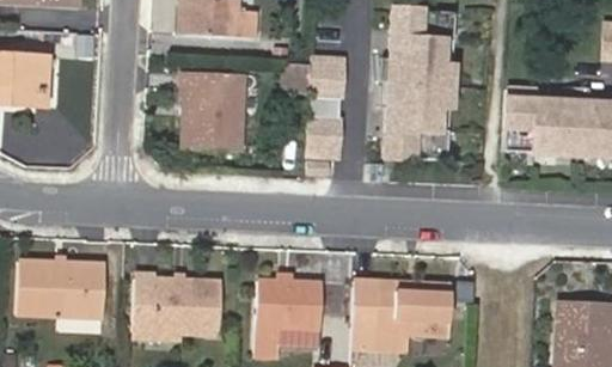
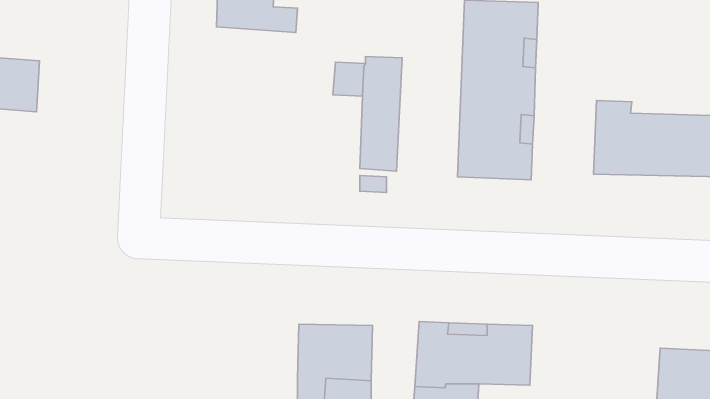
building: [183,66,244,145] -> none
building: [14,263,102,317] -> none
building: [131,280,222,335] -> none

